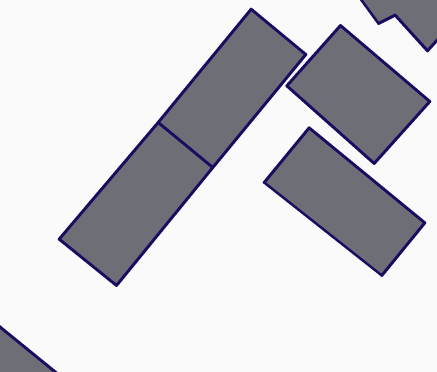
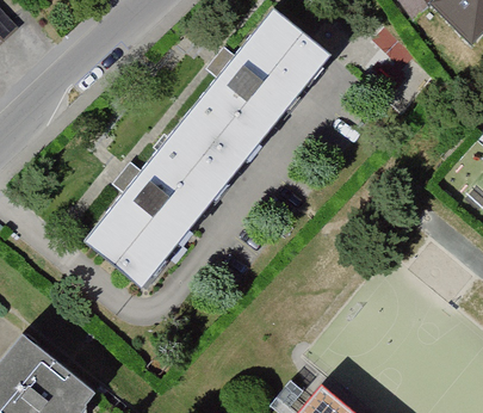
building: [287,26,430,164] -> none
building: [264,128,425,276] -> none

